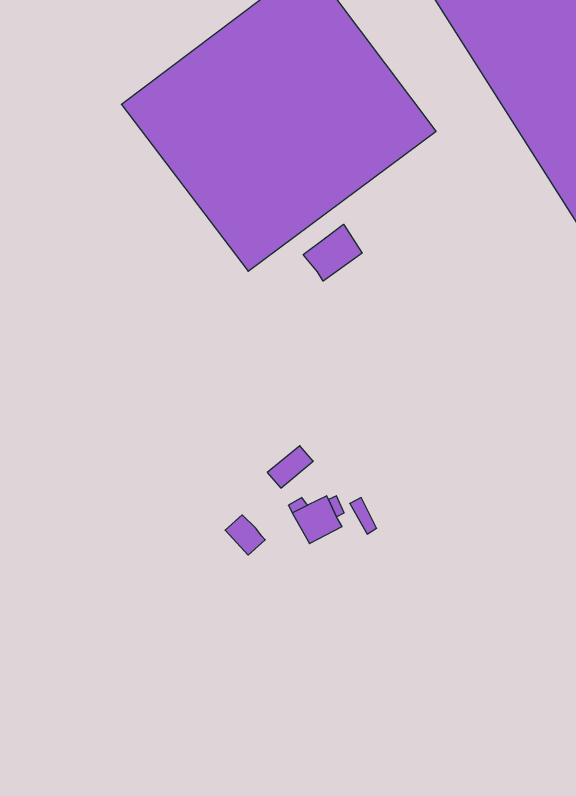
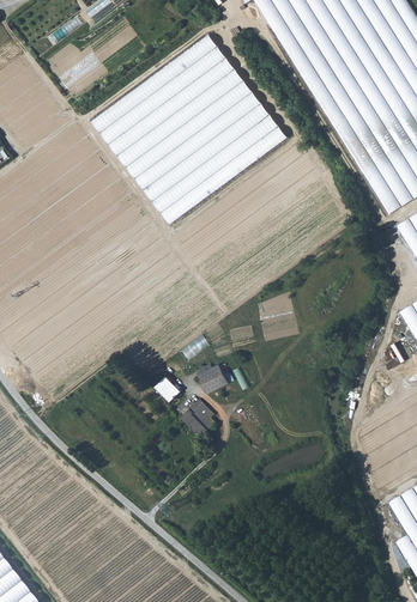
building: [303,224,362,281] -> none
building: none -> [183,400,216,436]

